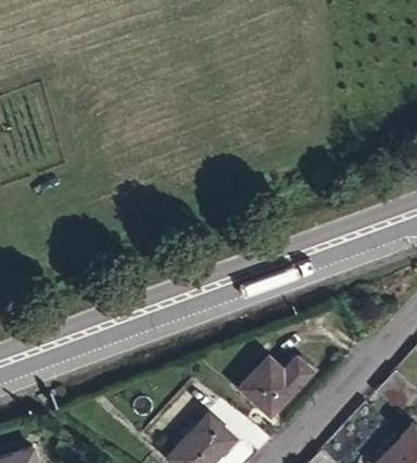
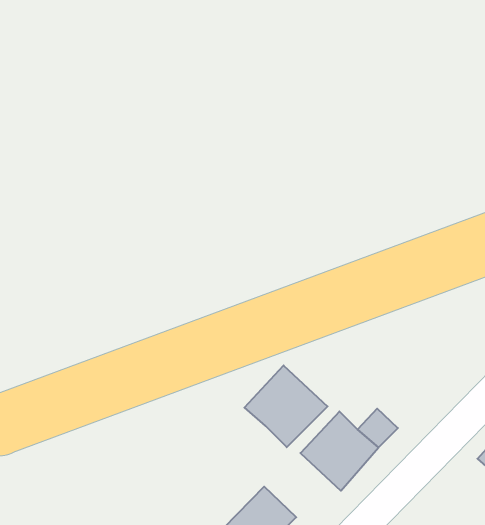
building: none -> [244,365,328,447]

